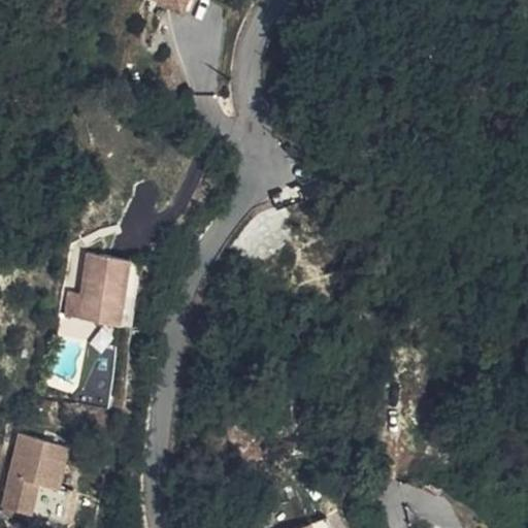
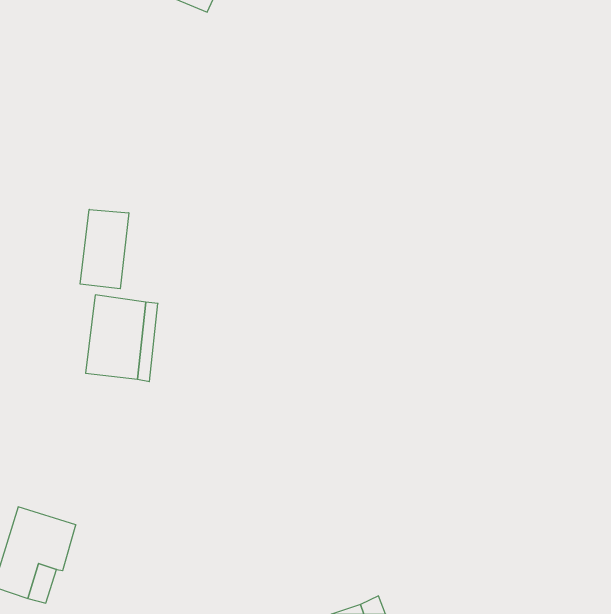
building: none -> [80,209,129,289]

